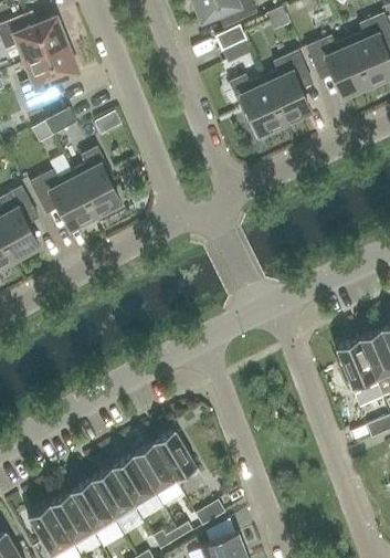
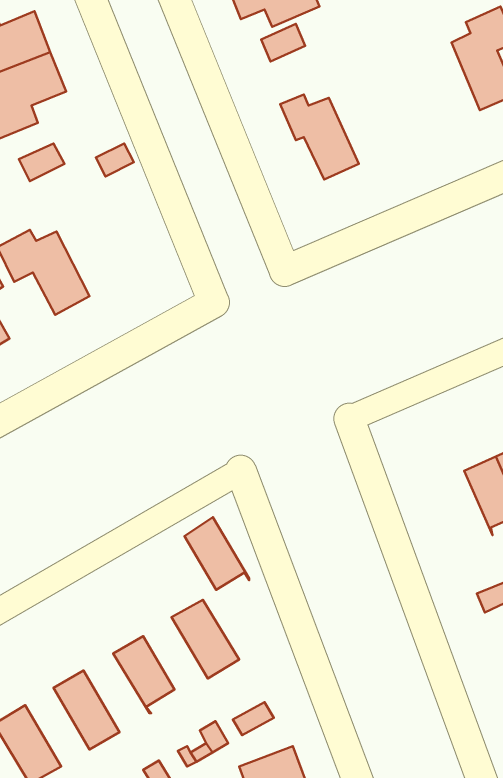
building: [306,36,369,97] -> none
building: [263,51,309,124] -> none
building: [72,147,120,217] -> none
building: [335,339,378,394] -> none
building: [133,442,178,493] -> [185,517,249,590]
building: [91,467,137,523] -> none
building: [50,492,95,547] -> none

